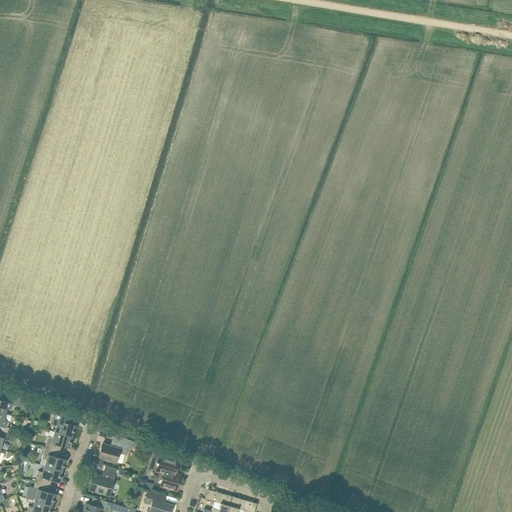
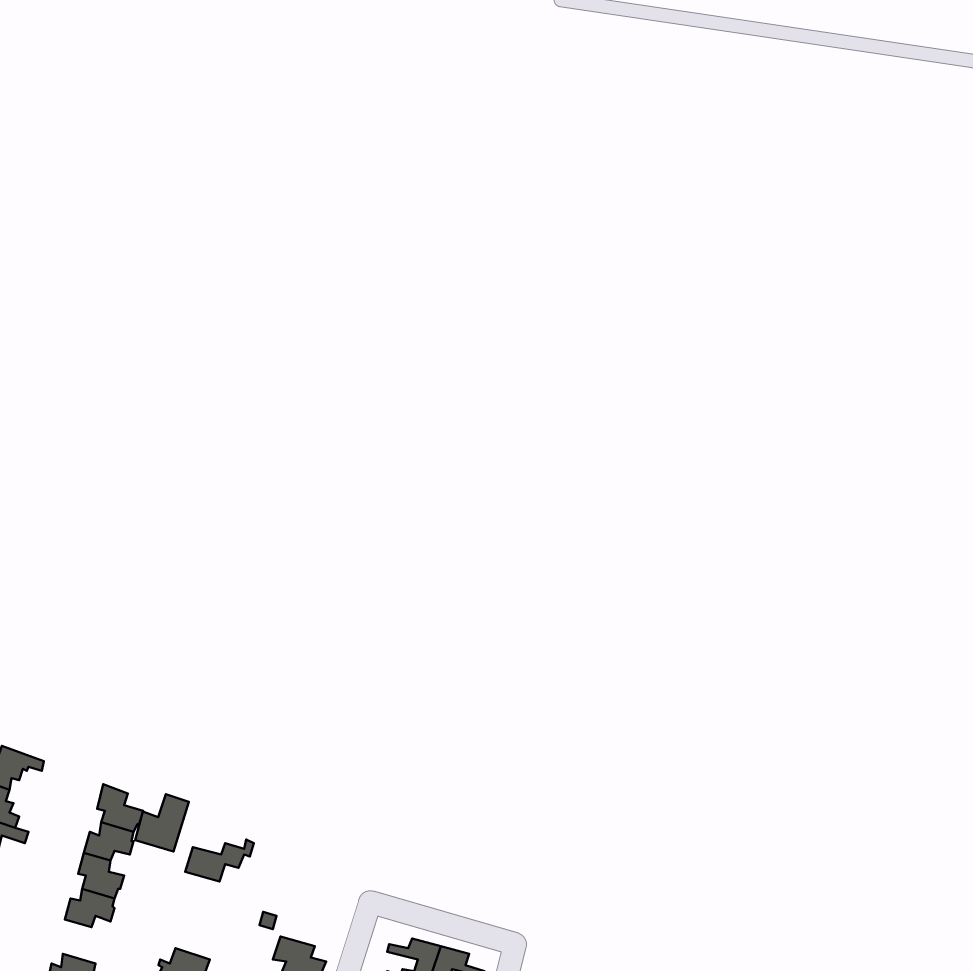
building: [154,457,179,493] -> none
building: [88,467,116,497] -> [135,794,189,851]
building: [25,484,55,507] -> none

